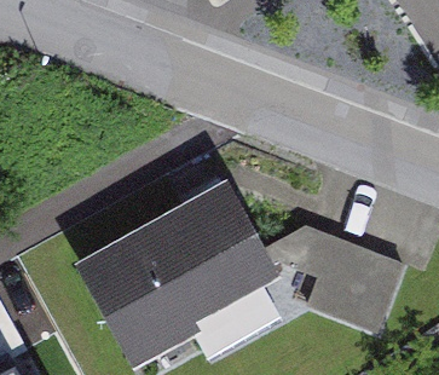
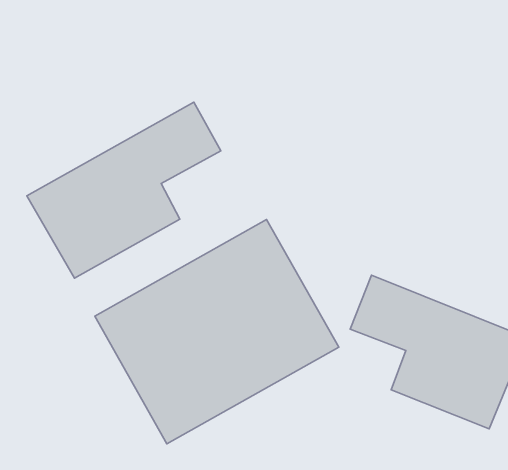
building: none -> [27,102,221,278]

